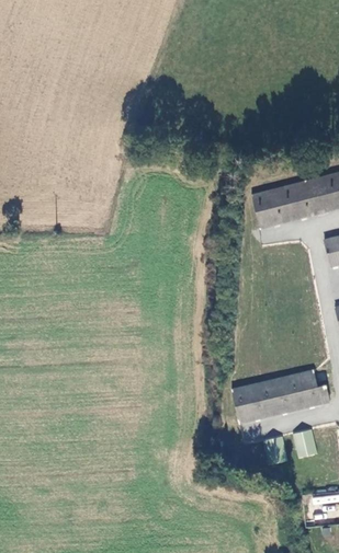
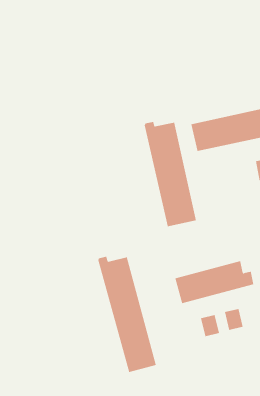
building: none -> [144,121,196,227]
building: none -> [98,256,156,373]

